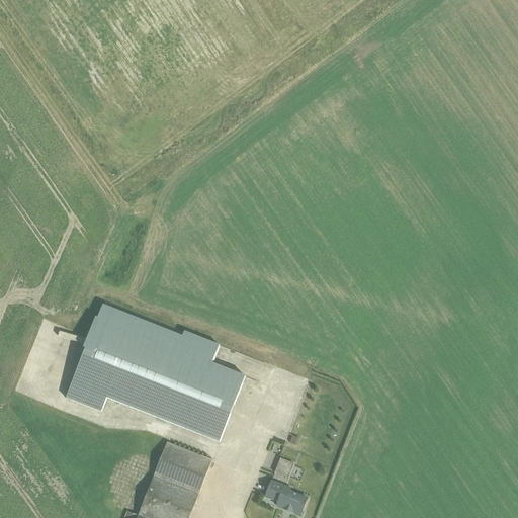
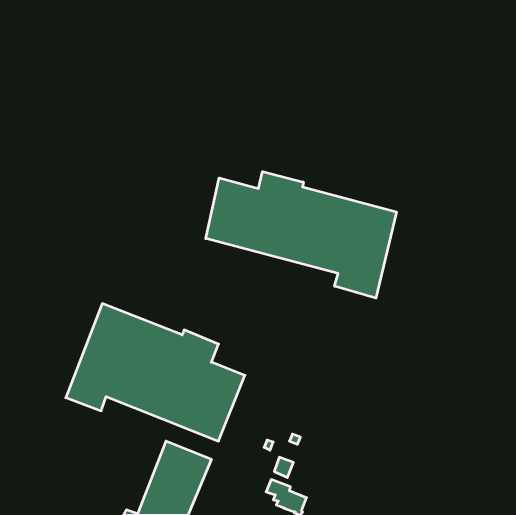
building: none -> [206,172,396,298]

